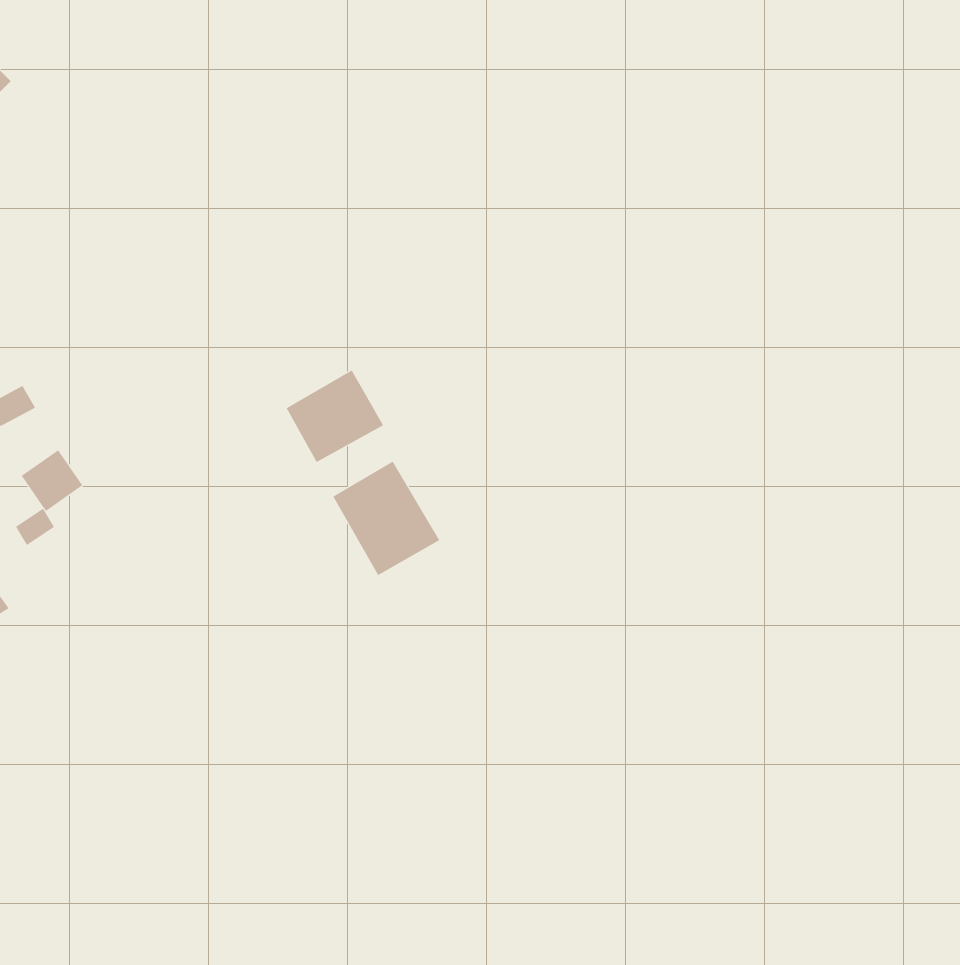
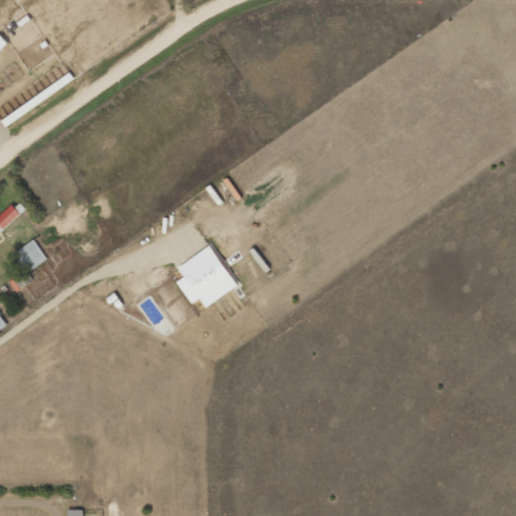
building: [286,370,384,463] -> none

